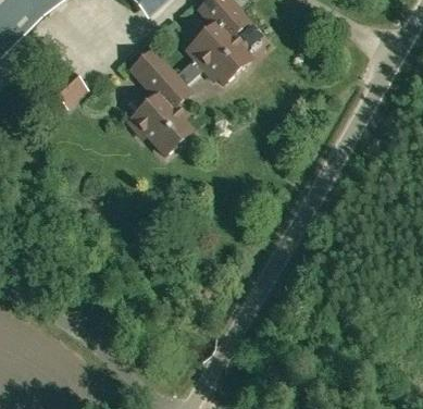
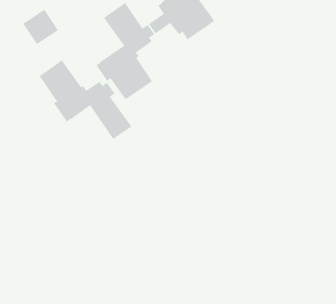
building: none -> [39,60,132,140]

